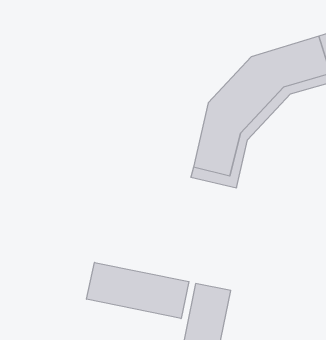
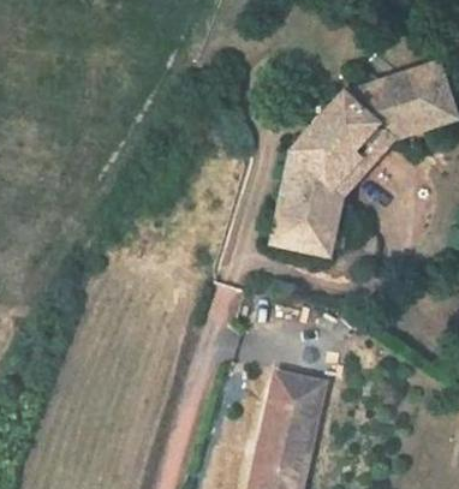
building: [87,262,189,319] -> none

